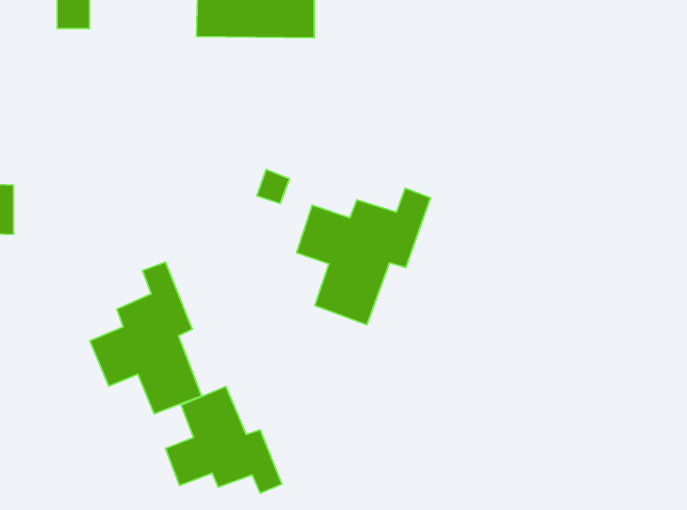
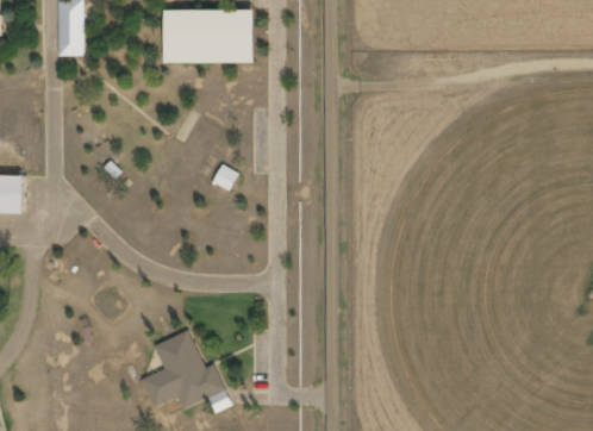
building: [296,188,430,325] -> none
building: [90,262,201,414] -> none

